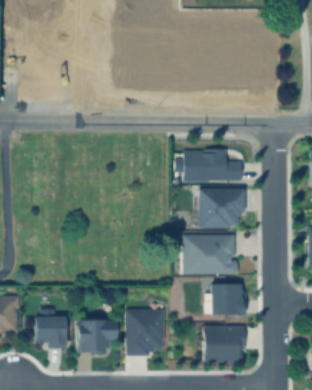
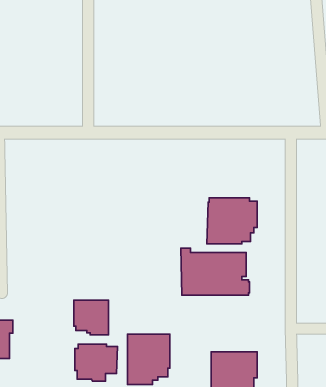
building: [175,152,243,184] -> none
building: [211,286,245,317] -> none
building: [35,316,67,348] -> [74,300,109,335]

